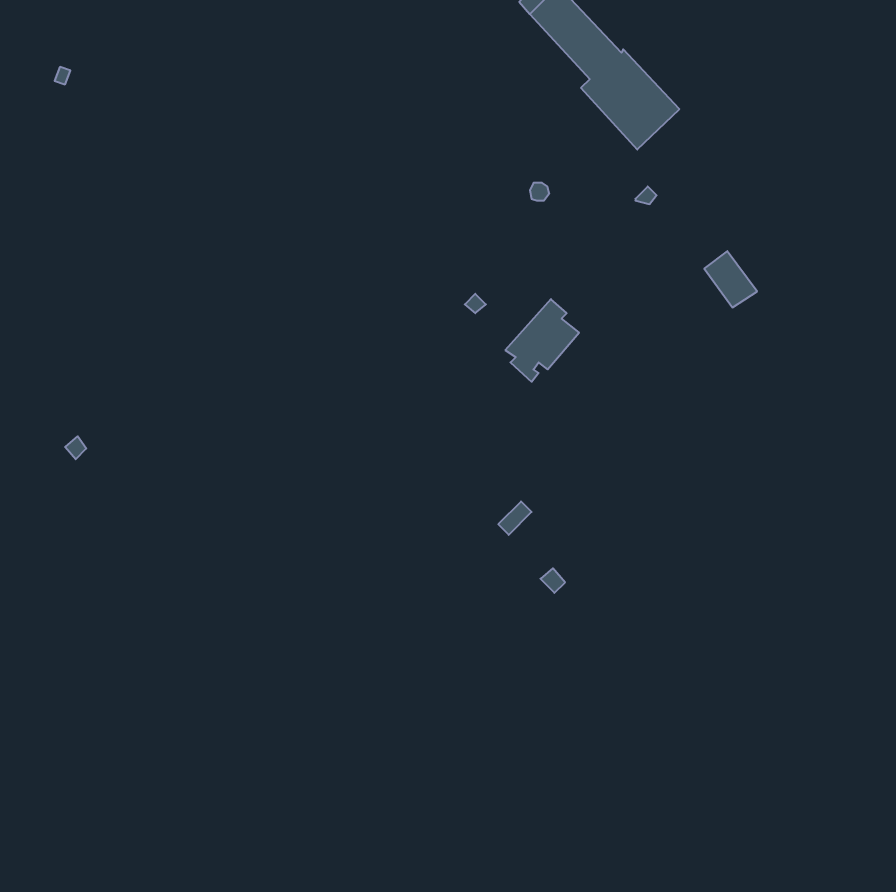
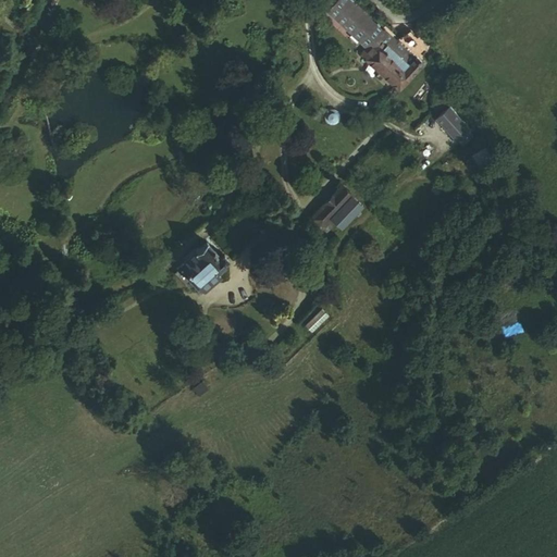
building: [704,251,757,307] -> [438,106,471,140]
building: none -> [181,242,227,286]

